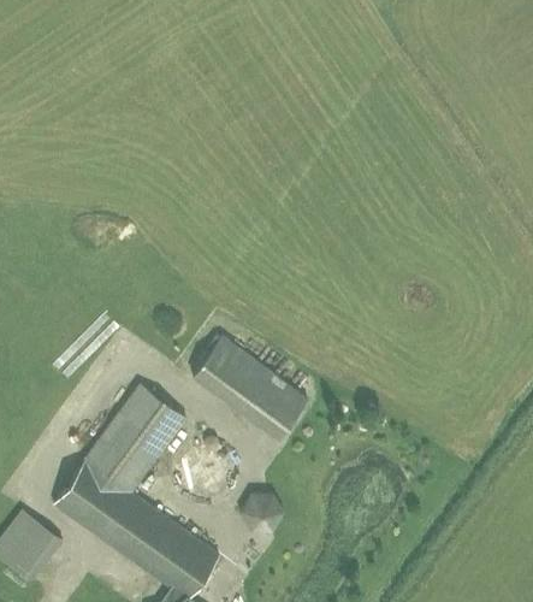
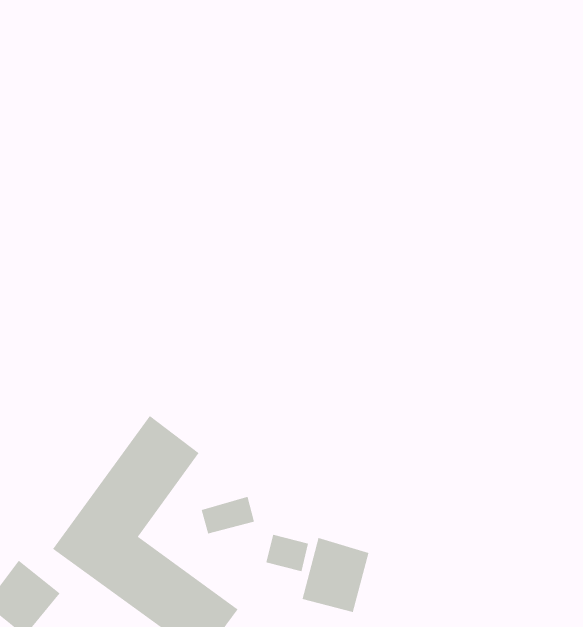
building: [193,337,308,439] -> none
building: none -> [302,537,369,613]

